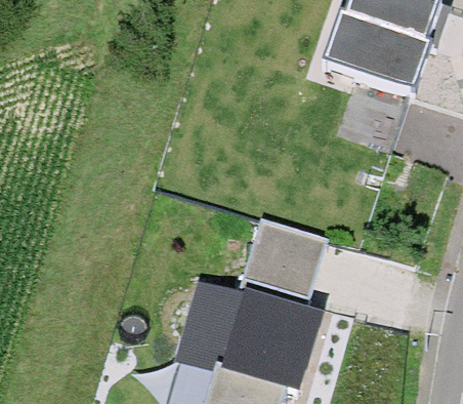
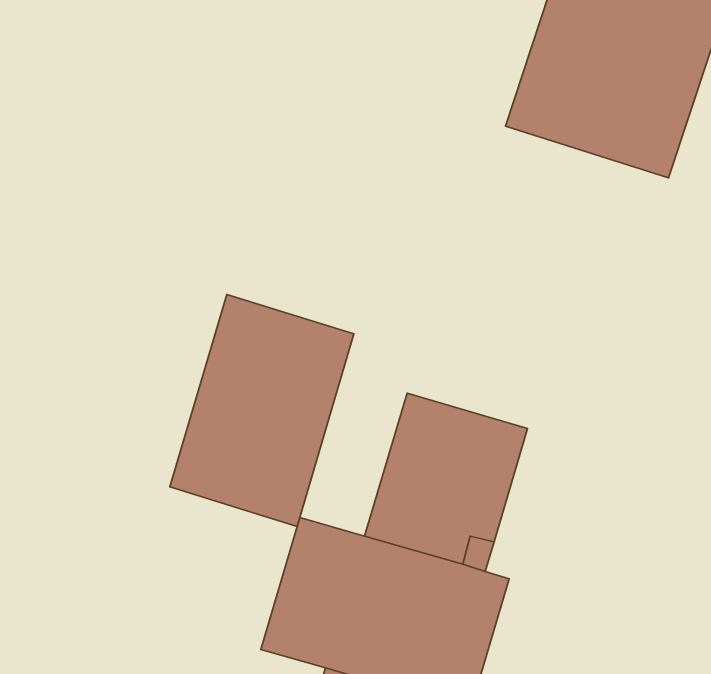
building: none -> [170,294,354,527]

